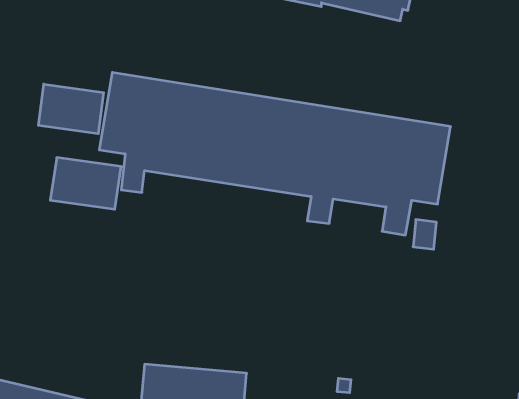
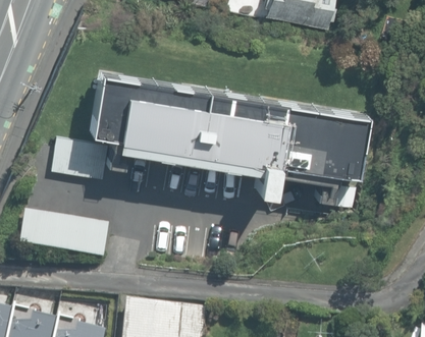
building: [38,84,104,134] -> none
building: none -> [19,209,110,258]

